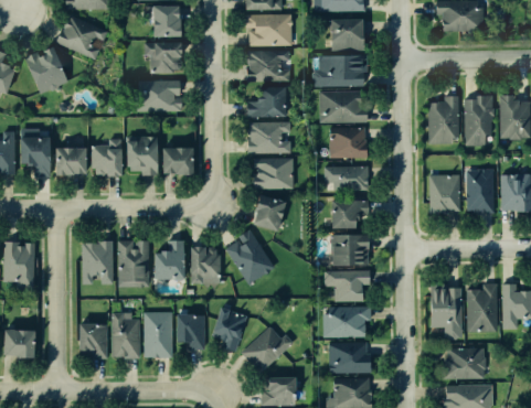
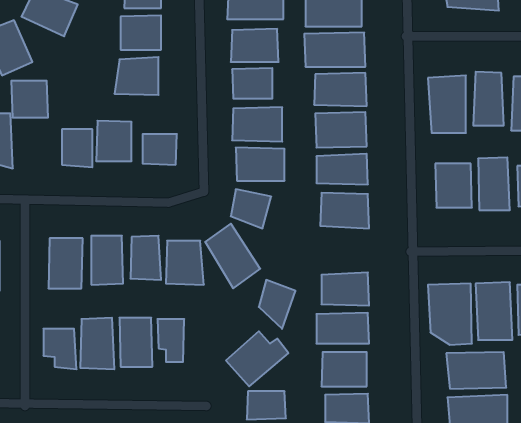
building: [51,142,84,175] -> [11,81,48,118]
building: [329,237,368,265] -> none
building: [212,308,245,352] -> [259,280,296,329]

